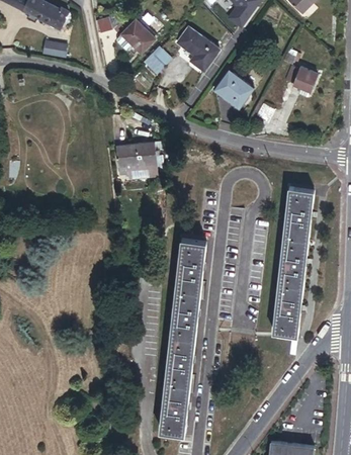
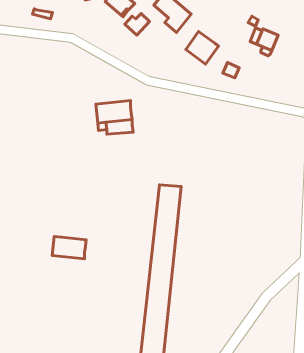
building: [274,187,315,335] -> none
building: none -> [52,236,86,259]

